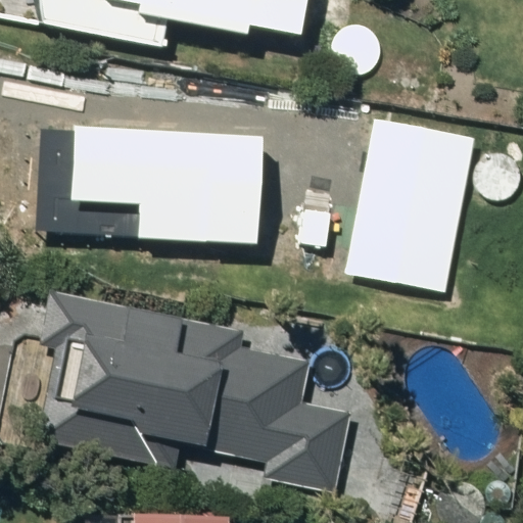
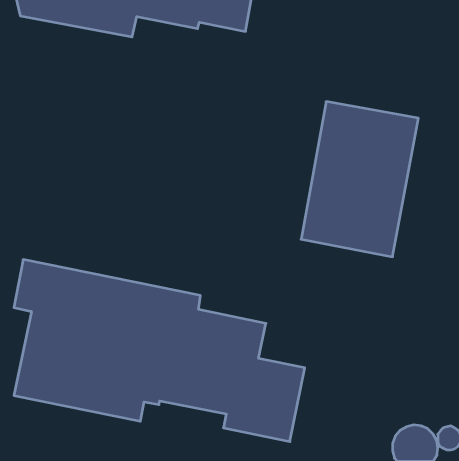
building: [49,132,252,249] -> none

